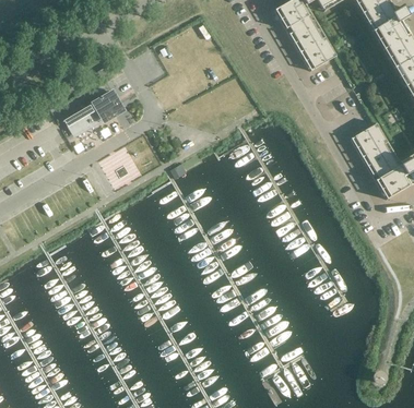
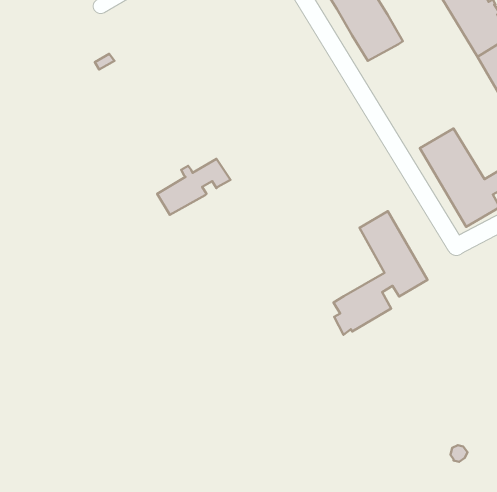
building: [67,89,123,133] -> [157,159,230,215]
building: none -> [334,211,428,335]

